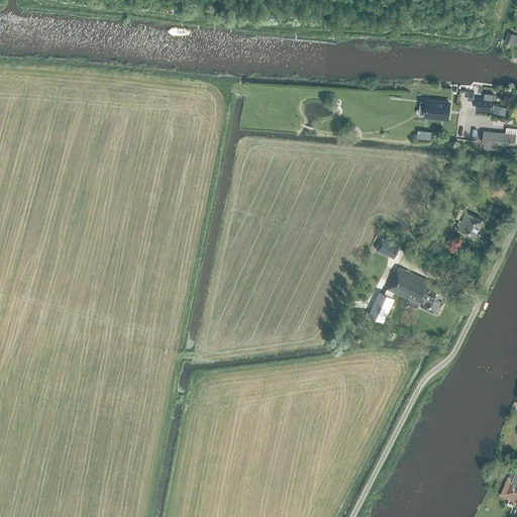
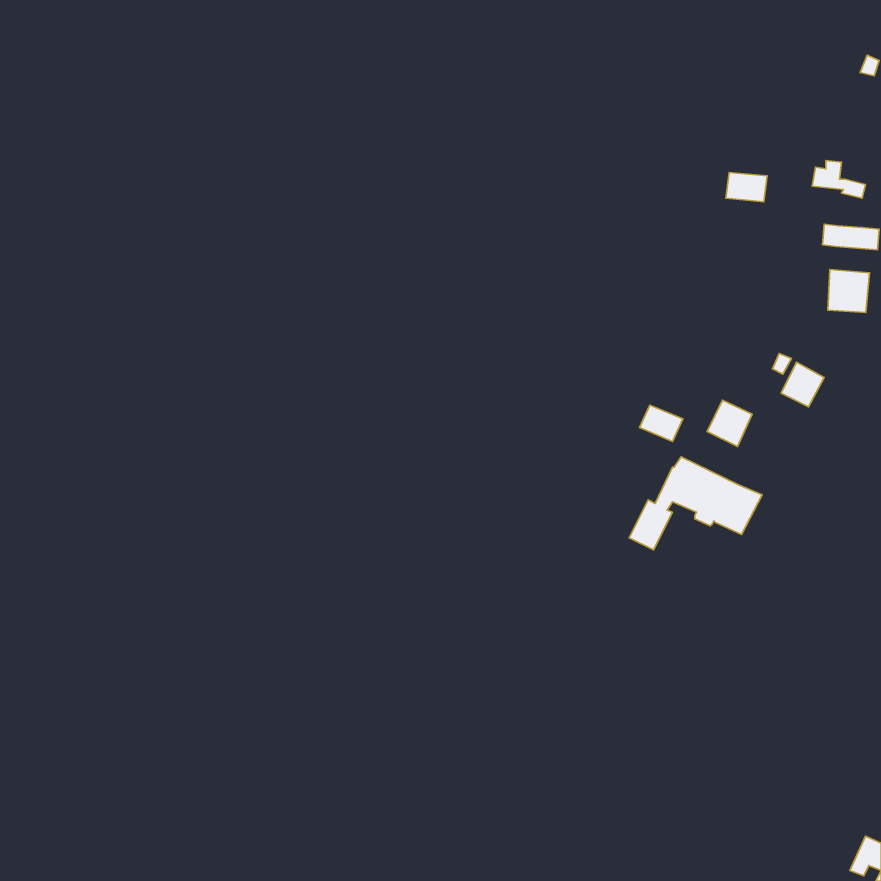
building: none -> [828,269,869,313]
building: none -> [707,400,752,447]

